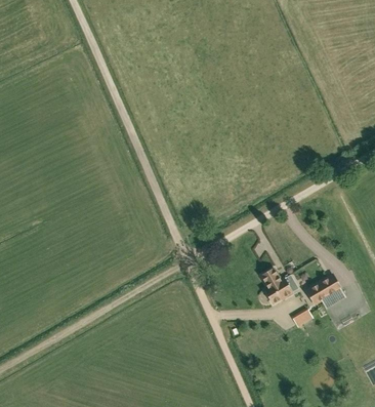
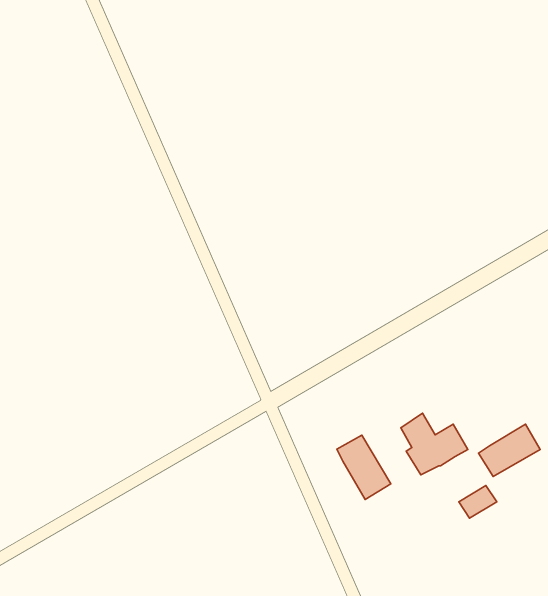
building: none -> [337,435,391,499]

